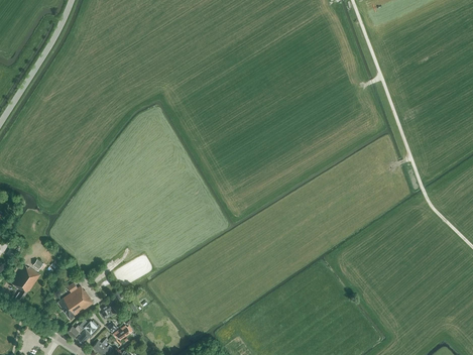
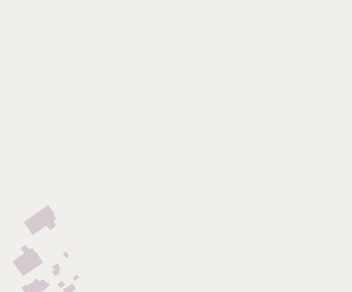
building: none -> [23,204,57,236]

